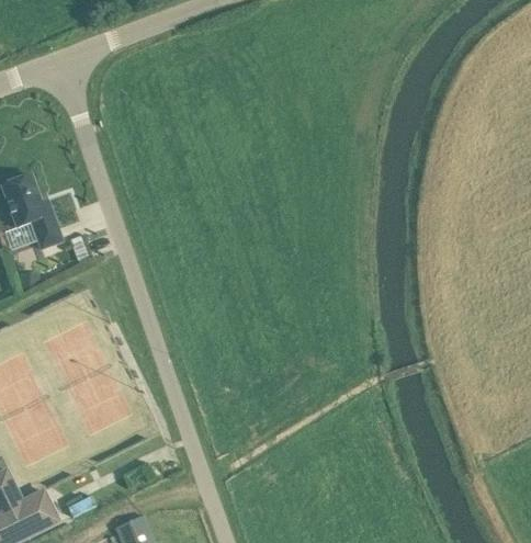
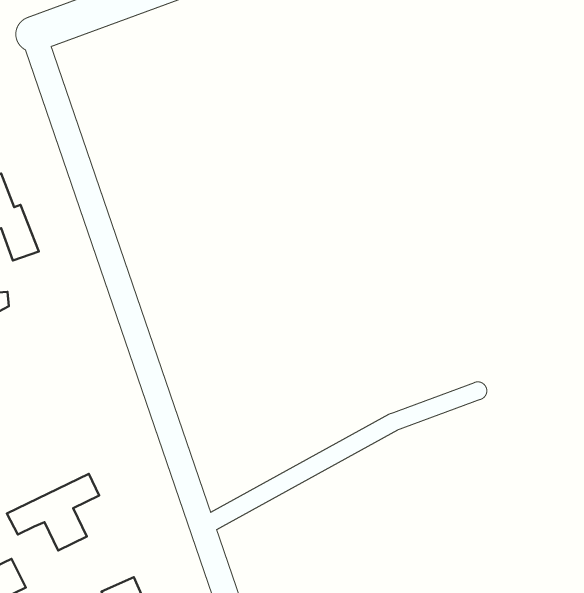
building: none -> [7,474,99,551]

